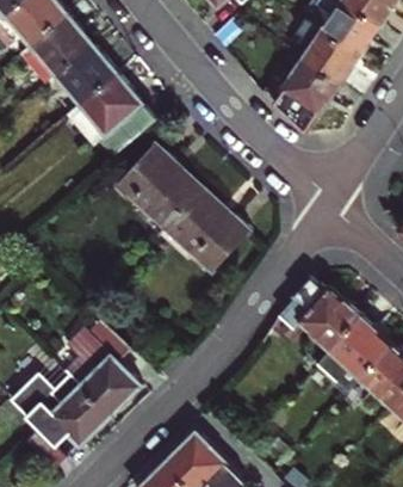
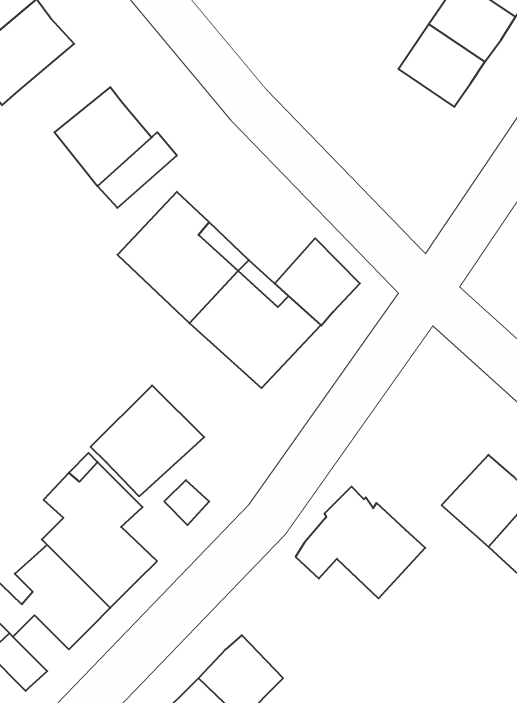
building: [50,43,111,101] -> none
building: [283,60,339,113] -> none
building: none -> [275,238,360,326]
building: none -> [91,385,204,496]
building: [275,275,361,349] -> [296,487,425,598]

